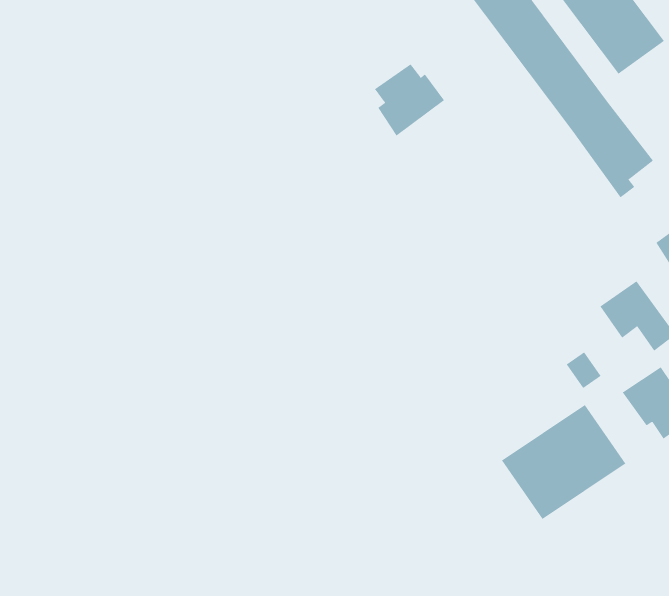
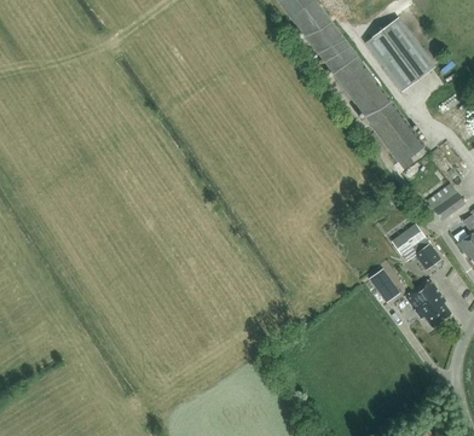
building: [374,63,445,136] -> none
building: [501,404,626,520] -> none

